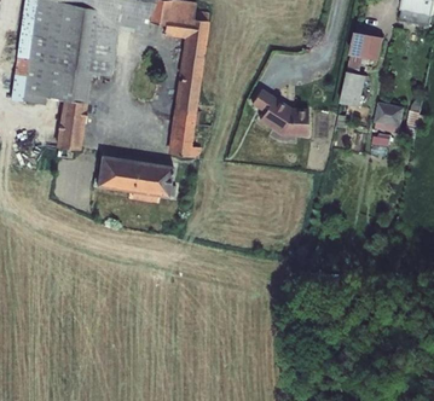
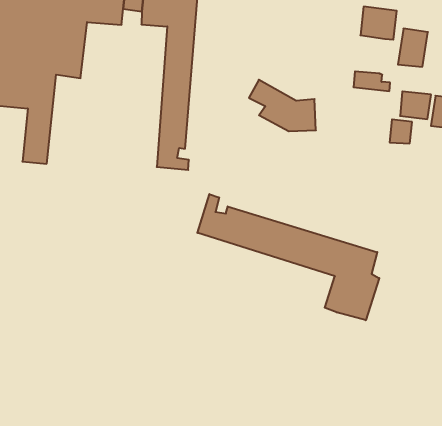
building: [343,58,371,92] -> [398,29,428,67]
building: [86,155,170,205] -> none
building: none -> [197,194,379,320]

